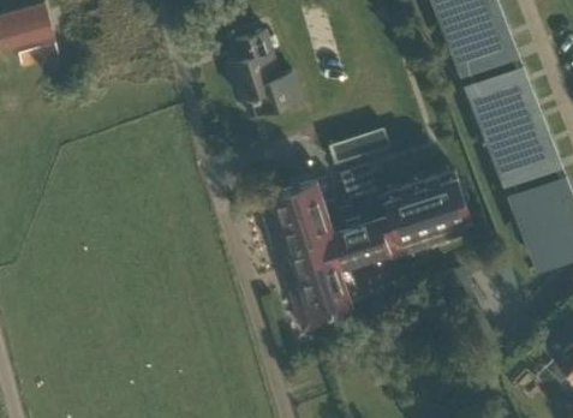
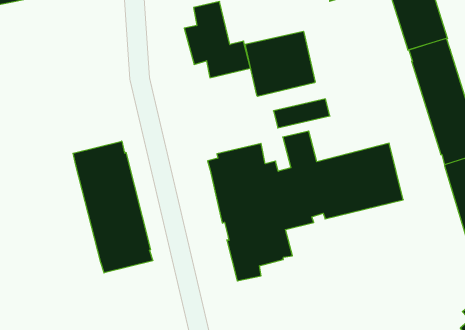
building: none -> [245,31,315,96]
building: none -> [73,141,153,273]

